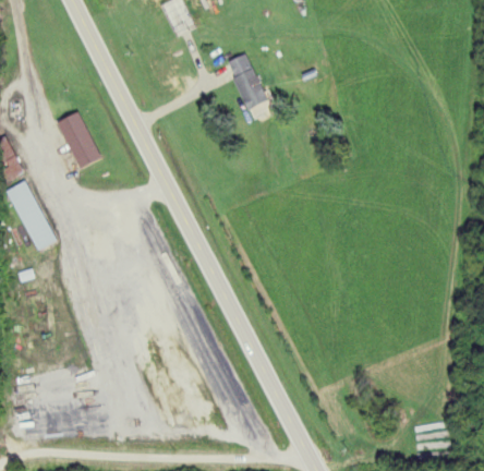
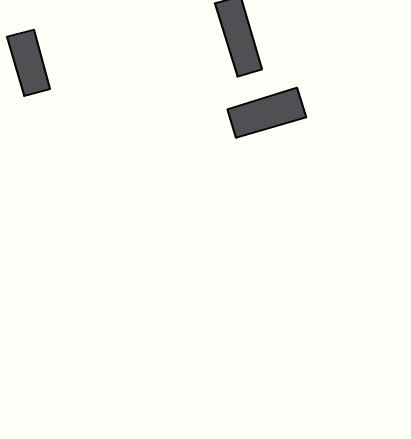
building: none -> [228,88,306,138]

